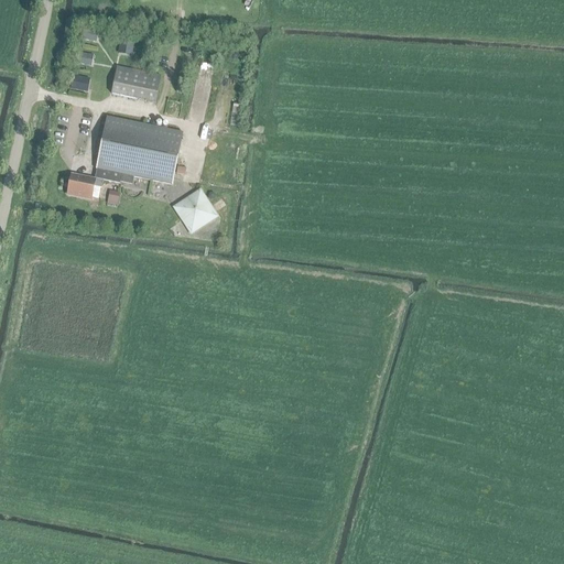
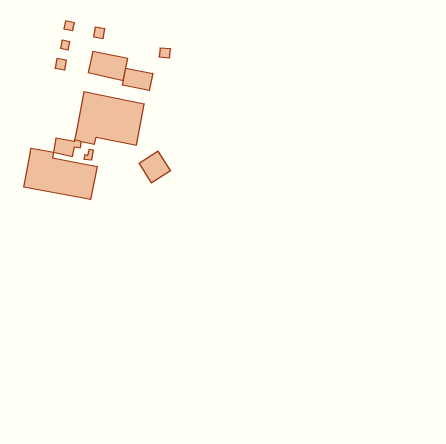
building: none -> [122,68,153,91]
building: none -> [24,148,97,200]

